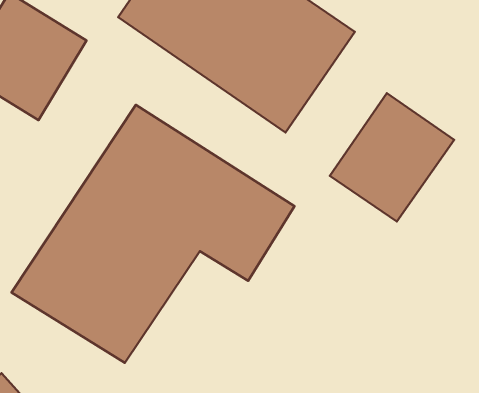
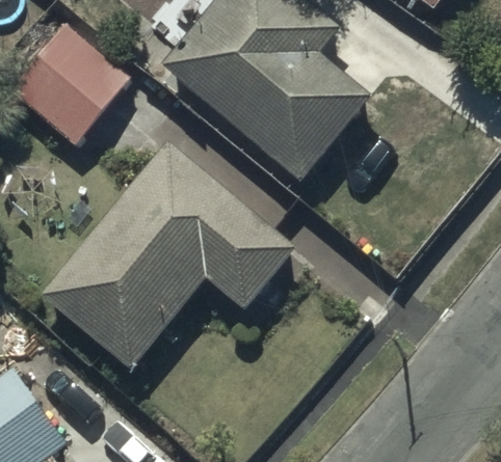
building: [330,93,454,222] -> none

